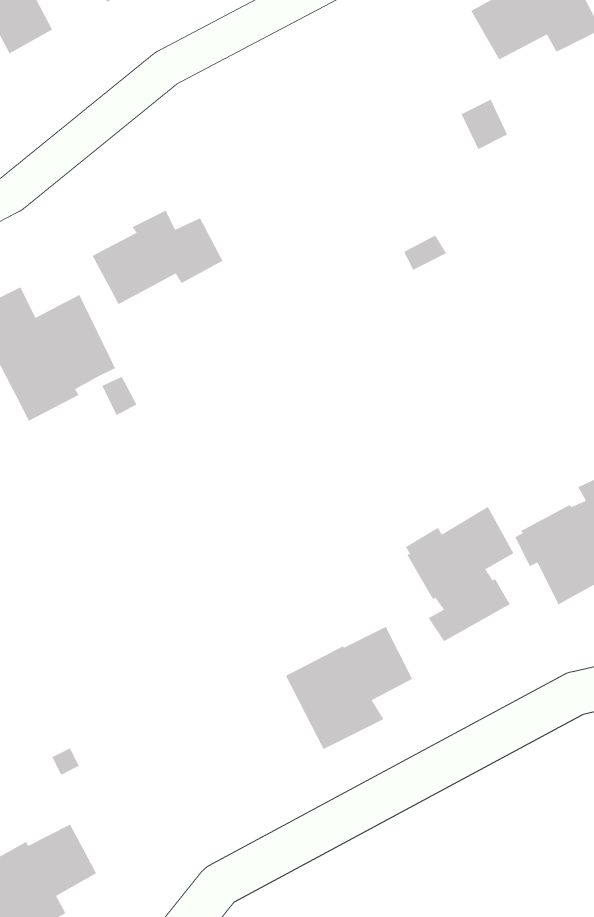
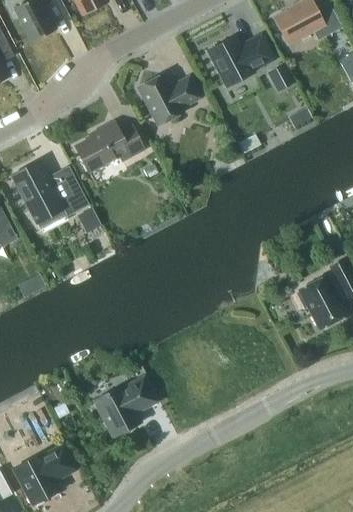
building: none -> [206,33,277,89]
building: none -> [137,74,200,126]
building: [405,506,515,642] -> none
building: [285,626,413,750] -> [92,374,159,439]

